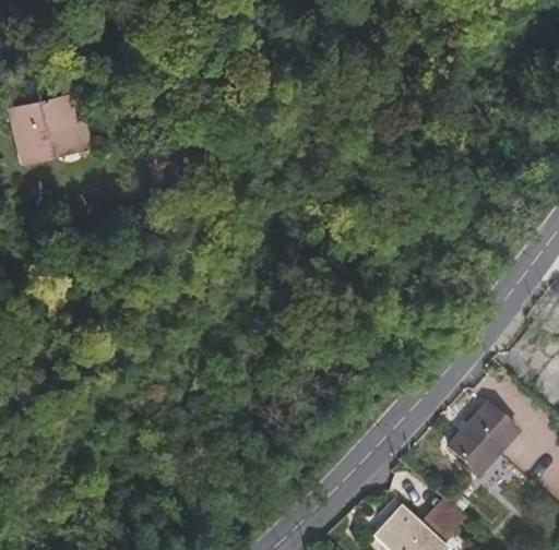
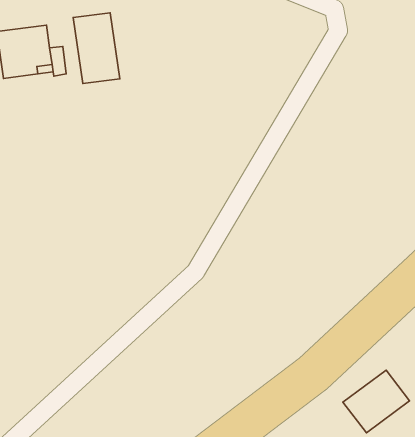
building: none -> [73,13,120,84]

